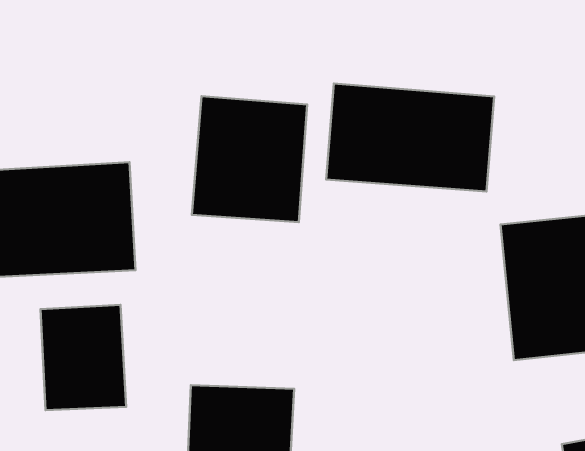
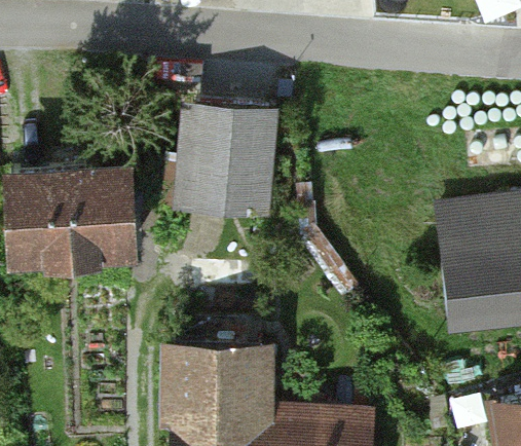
building: [326,83,494,191] -> none
building: [40,305,126,410] -> none

